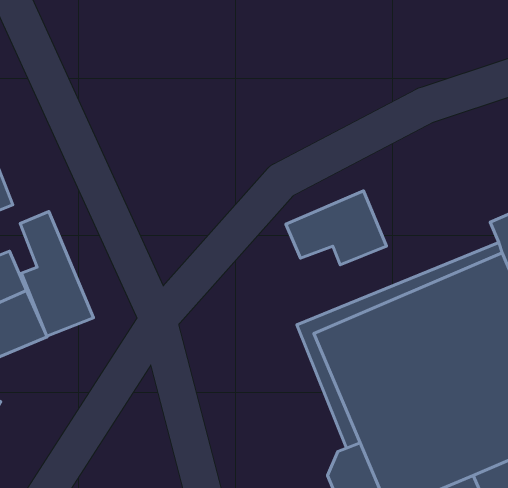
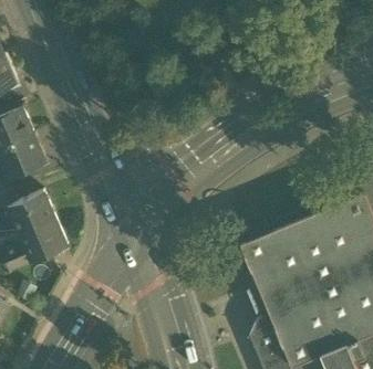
building: [286,191,386,265] -> none
building: [20,211,93,336] -> none

